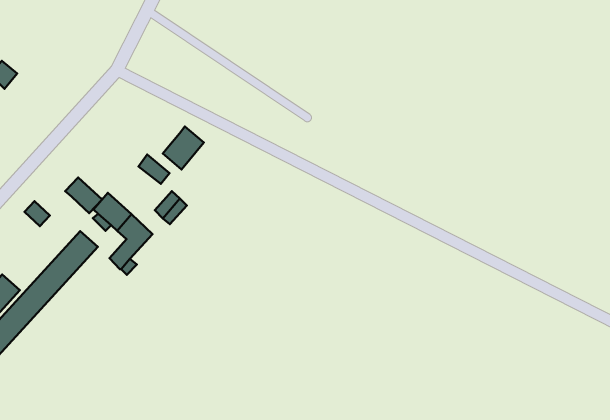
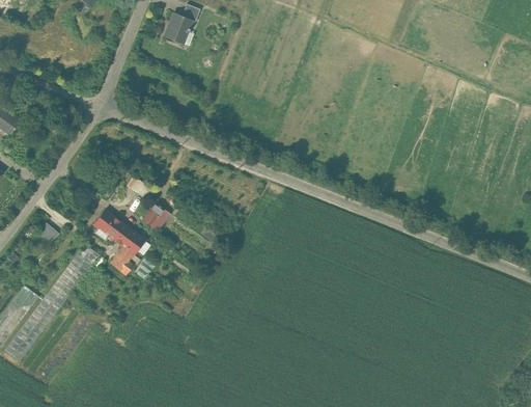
building: [163,126,204,170] -> none
building: [65,178,102,213] -> none

